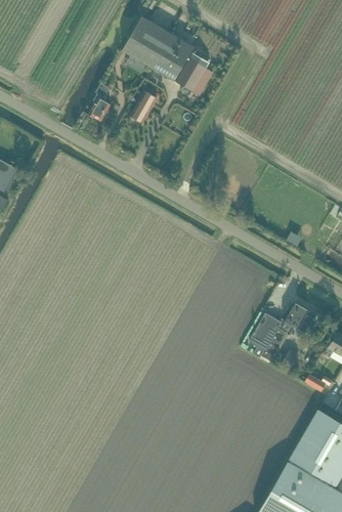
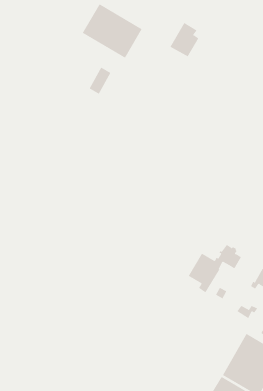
building: [174,52,210,94] -> [169,22,199,57]
building: [87,82,110,121] -> none

